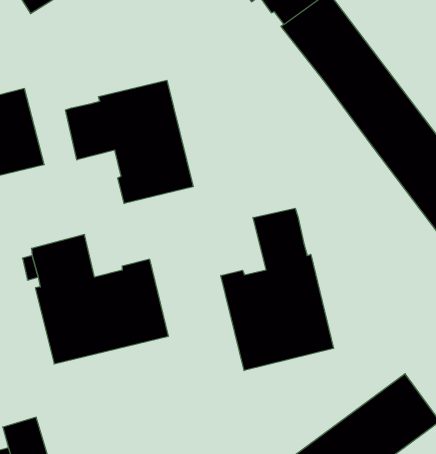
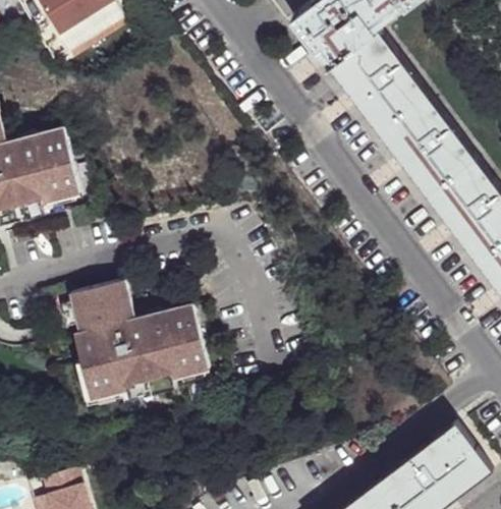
building: [66,80,193,204] -> none
building: [221,208,334,371] -> none

